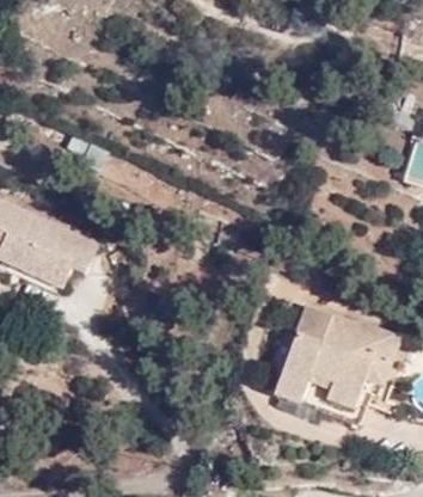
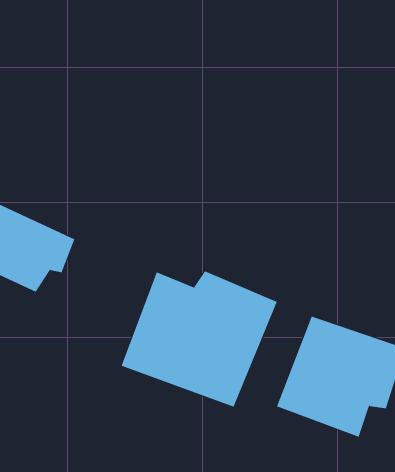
building: none -> [121,270,278,408]

